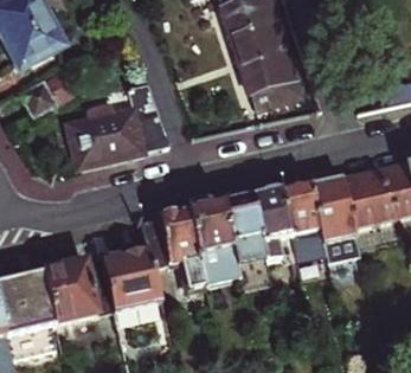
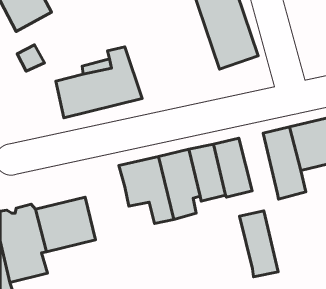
building: [280,184,325,261] -> [239,211,278,277]
building: [101,246,160,313] -> none

